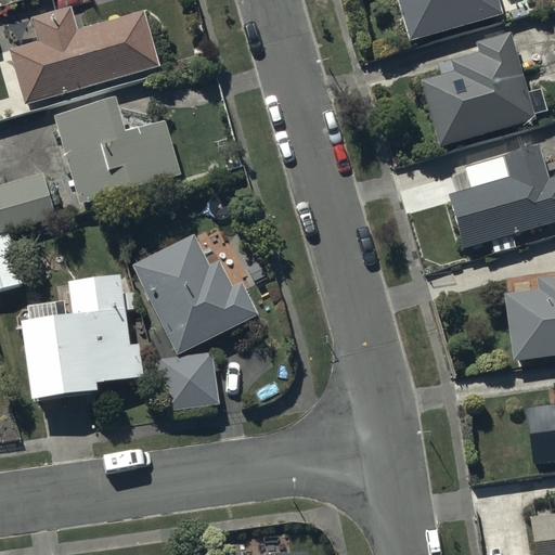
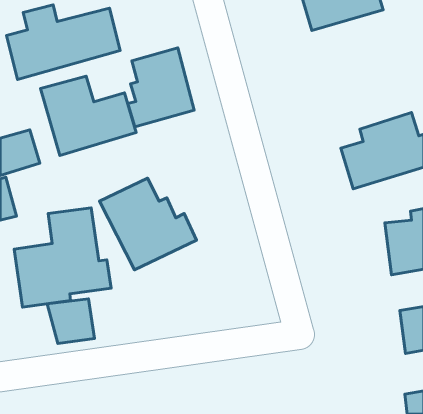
building: [421,30,548,146] -> none
building: none -> [128,48,194,127]
building: [157,350,219,409] -> [47,299,94,344]

